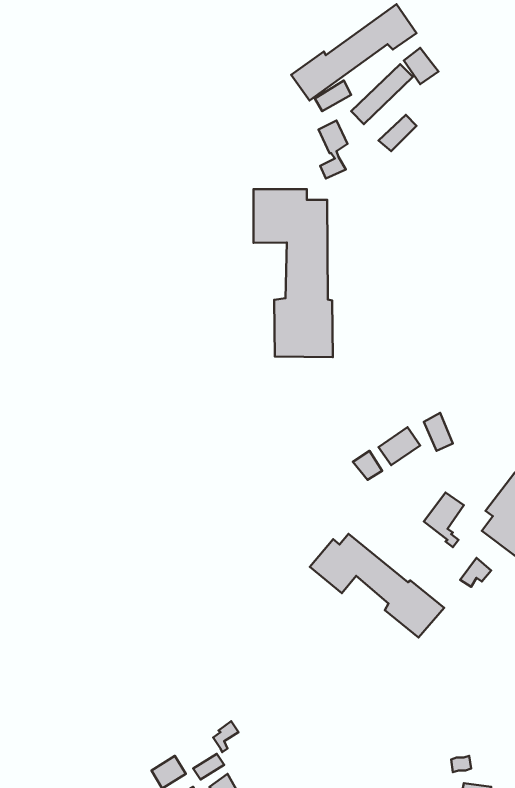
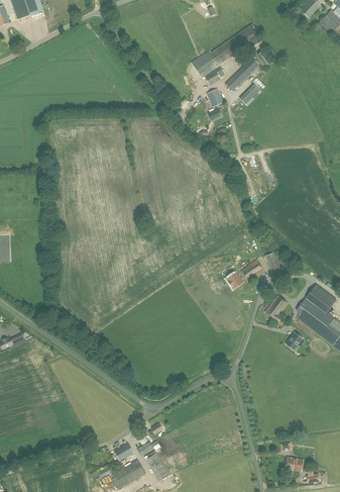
building: [253,189,333,357] -> none
building: [310,534,444,638] -> none

